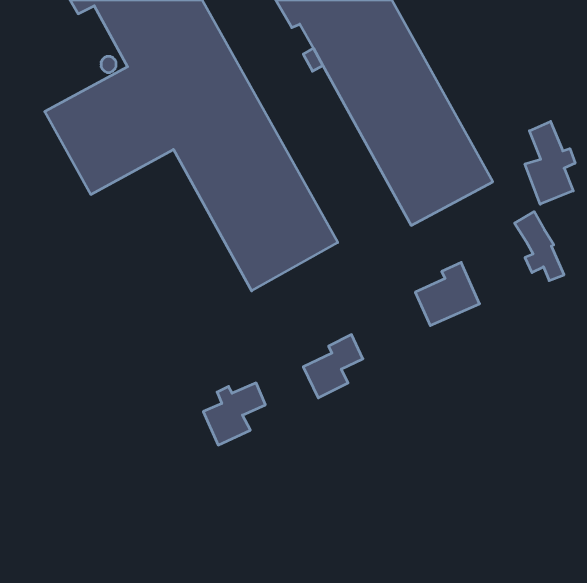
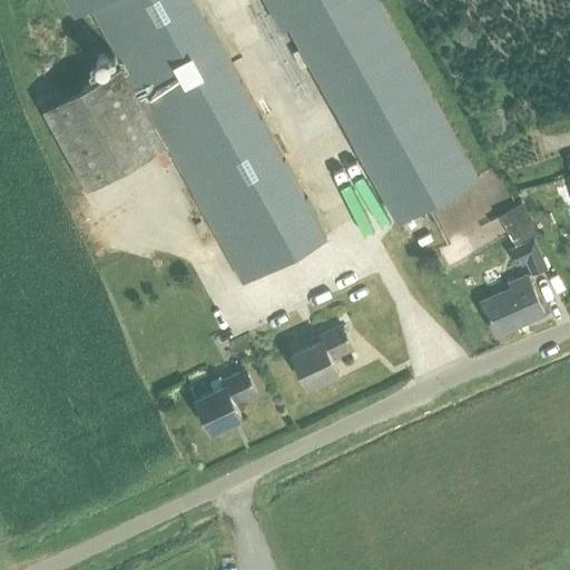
building: [525,121,575,204] -> none
building: [415,262,480,326] -> [482,277,544,338]

